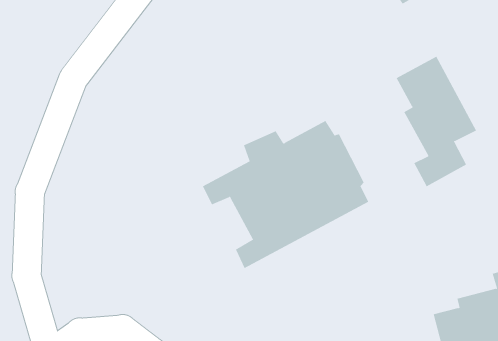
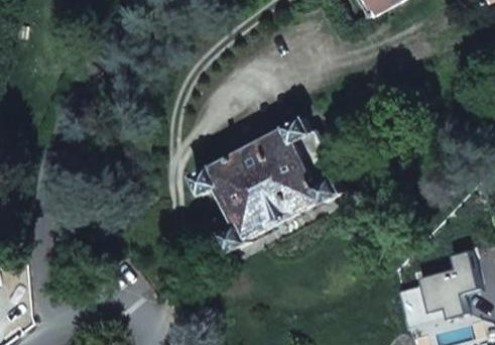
building: [396,56,477,187] -> none

